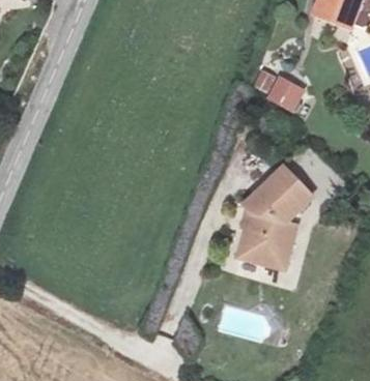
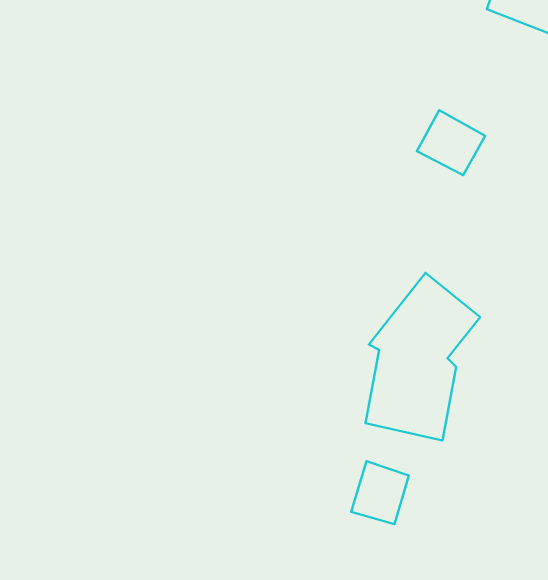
building: none -> [351,461,409,524]

